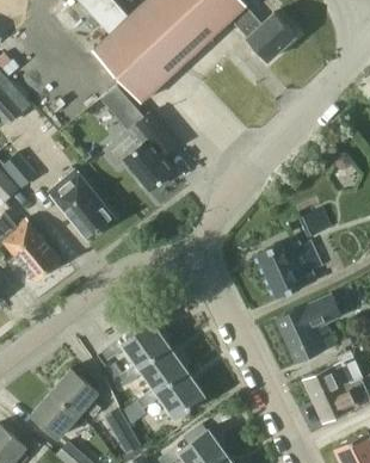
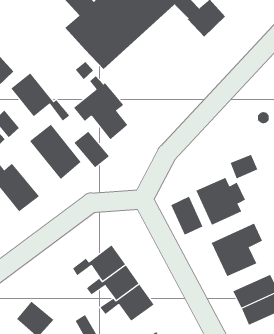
building: none -> [11,73,70,121]
building: none -> [73,131,110,168]
building: none -> [170,196,203,236]
building: [50,369,100,416] -> none

